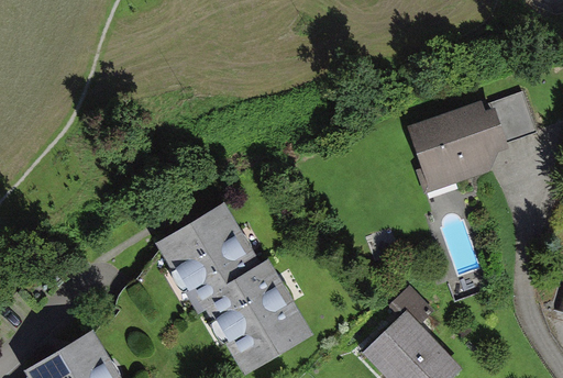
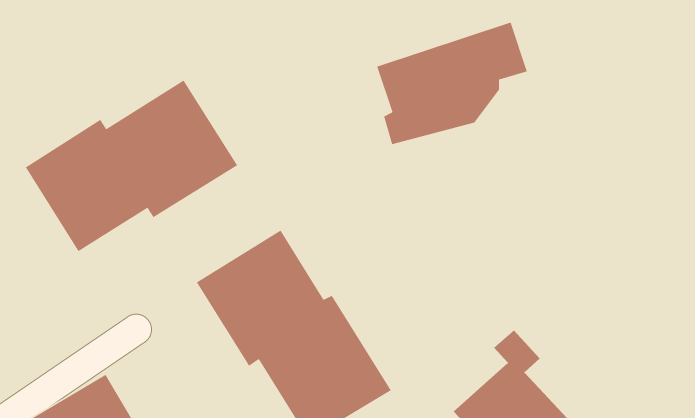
building: none -> [25,80,238,252]
building: [413,93,533,191] -> [376,22,528,145]

